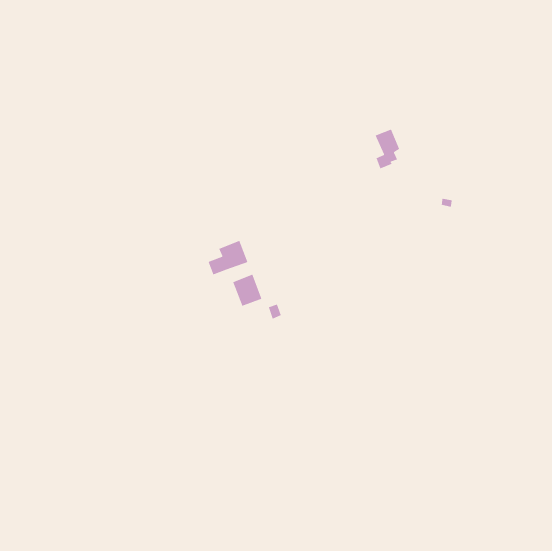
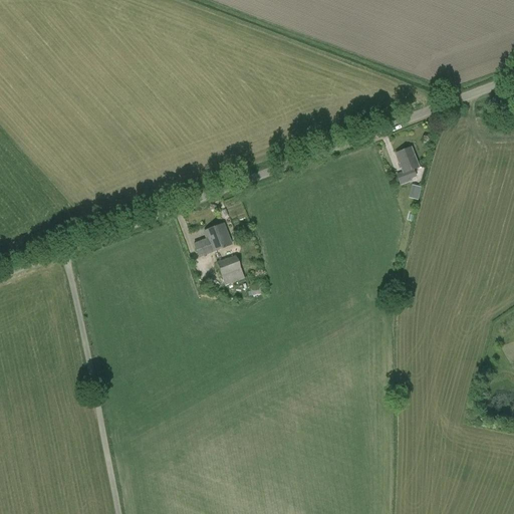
building: [374,129,400,170] -> [395,147,419,185]

